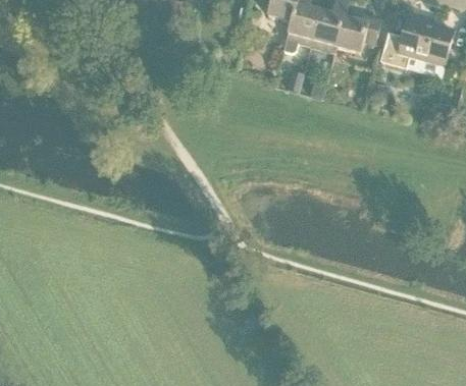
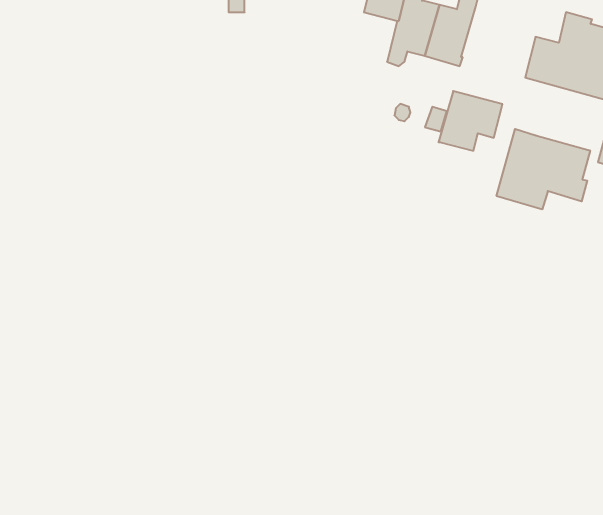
building: [336,11,381,53] -> [438,91,502,151]
building: none -> [497,129,590,209]

